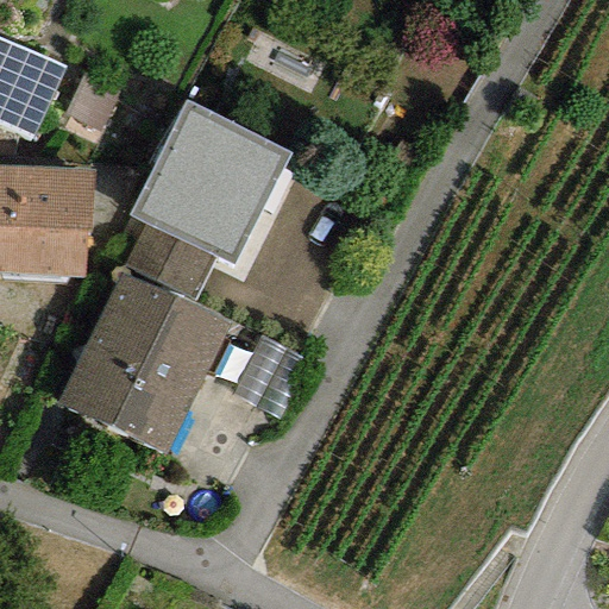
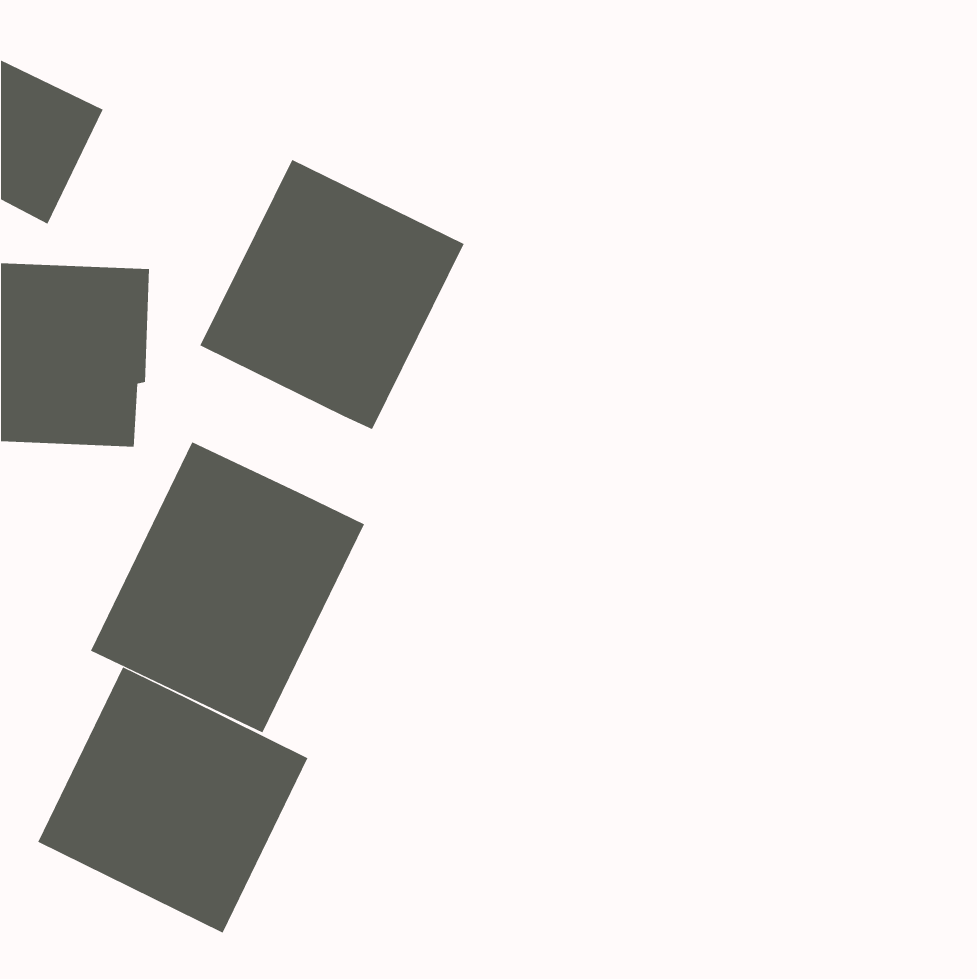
building: [121,224,215,307] -> none
building: none -> [38,666,308,933]

